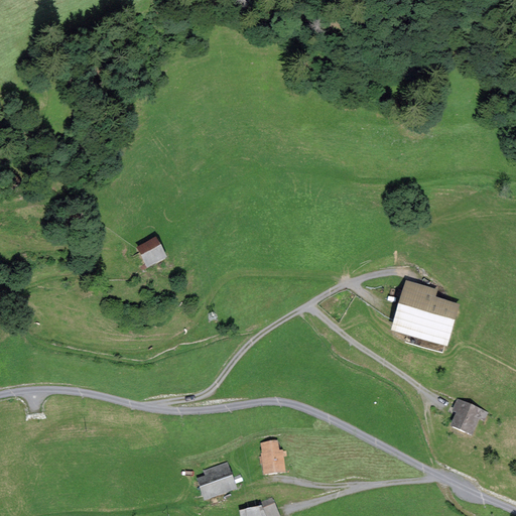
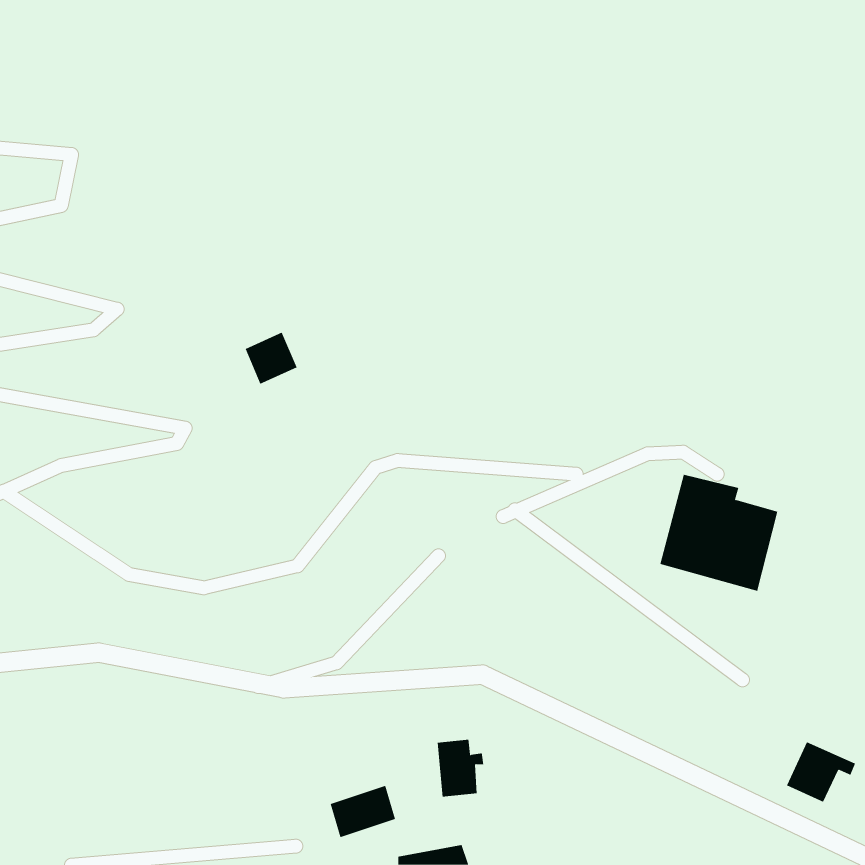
building: [133,238,164,269] -> [245,332,297,385]
building: [446,398,488,434] -> [786,741,856,803]

